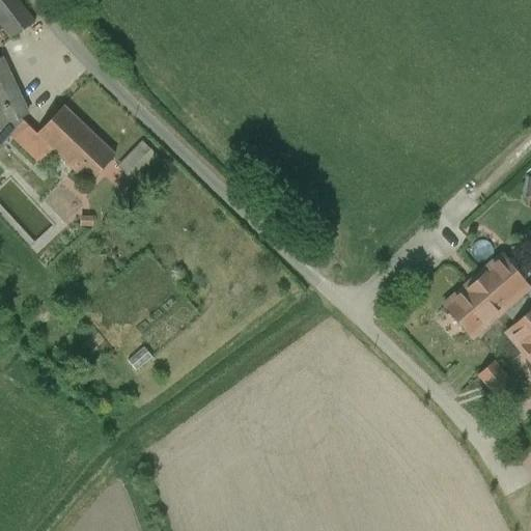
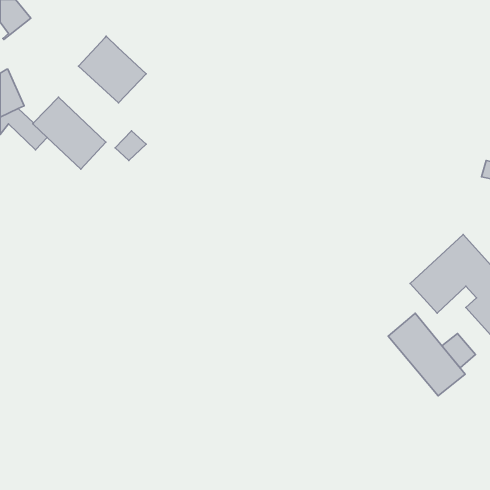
building: none -> [79,36,146,103]
building: none -> [388,313,465,396]

